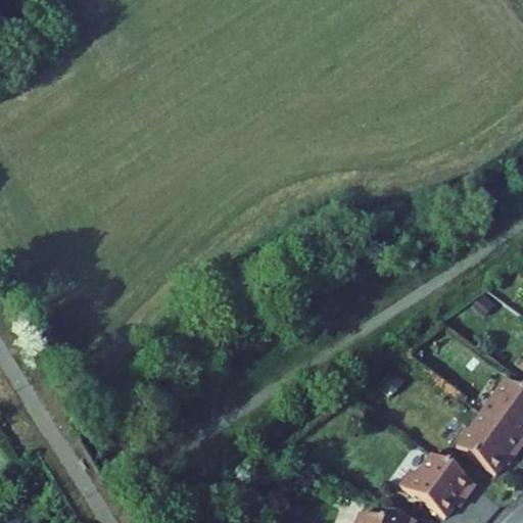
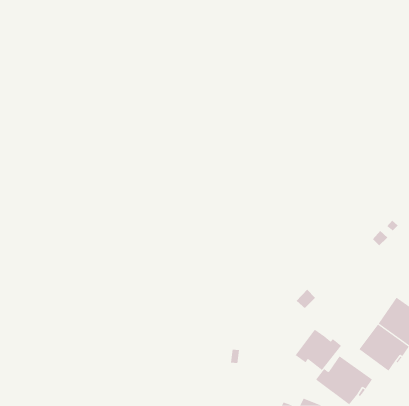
building: none -> [295,329,342,371]

